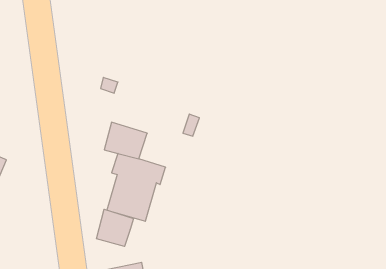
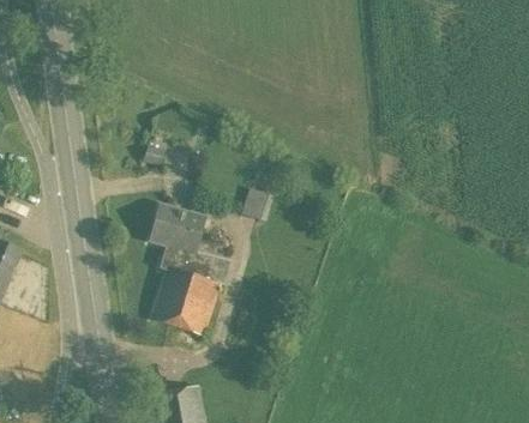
building: [96,209,133,246] -> none

